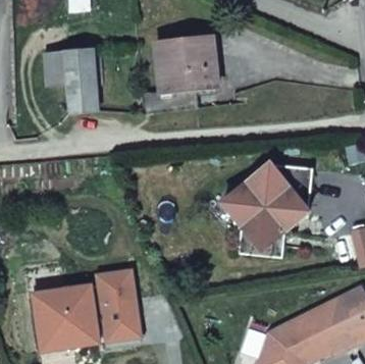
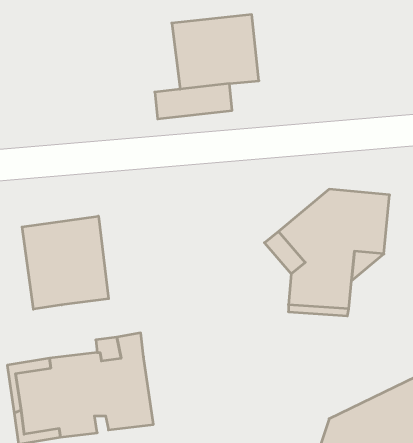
building: [44,49,96,112] -> none
building: none -> [22,216,109,309]

